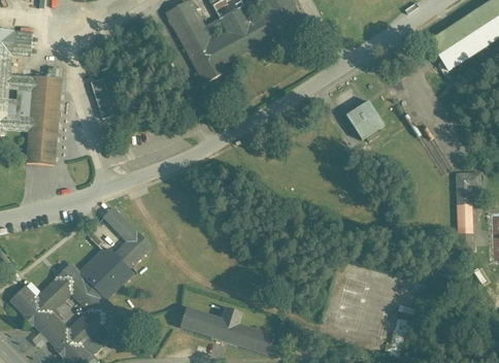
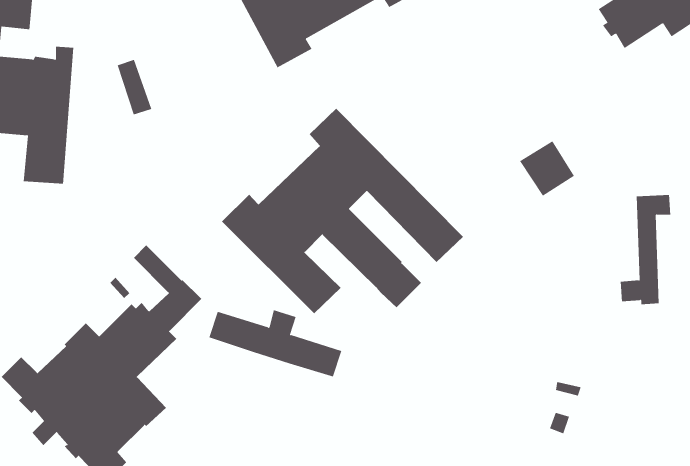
building: [344,100,384,139] -> [519,141,575,196]
building: none -> [221,108,464,314]
building: [179,306,273,354] -> [208,310,342,377]

